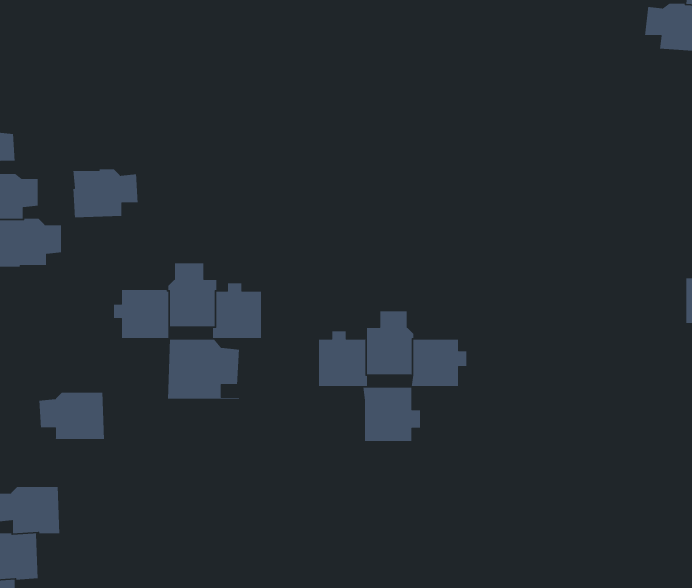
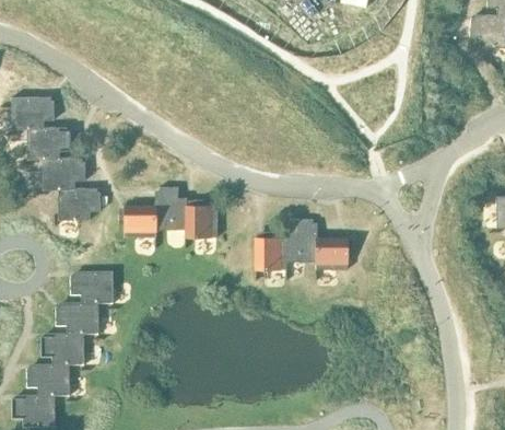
building: [72,168,139,218] -> [58,187,102,220]
building: [167,339,240,399] -> none
building: [362,387,421,442] -> none
building: none -> [56,303,99,334]

